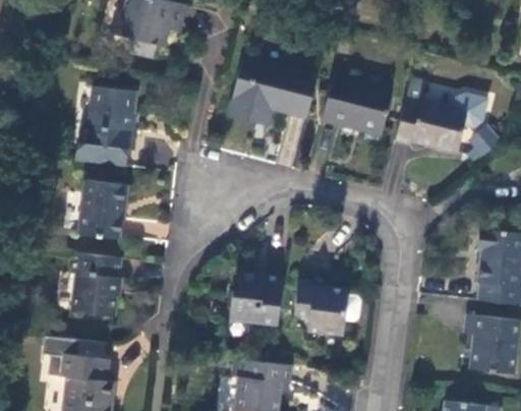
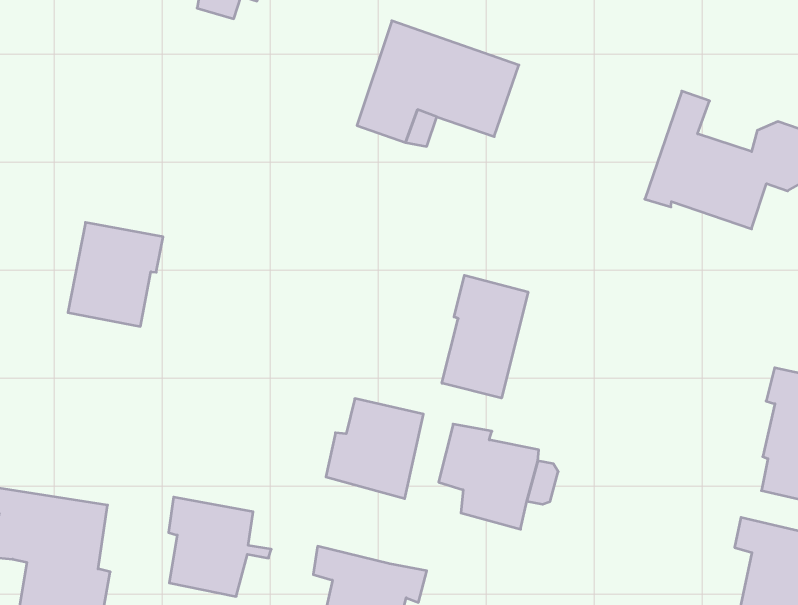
building: [322,74,392,129] -> none
building: [80,87,134,169] -> none
building: none -> [442,275,528,398]
building: [71,256,130,309] -> [169,497,271,596]

